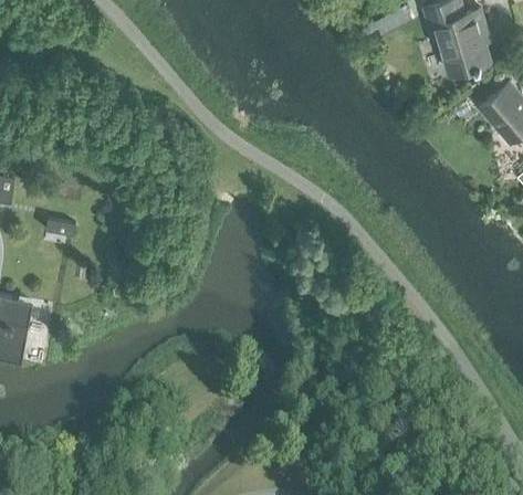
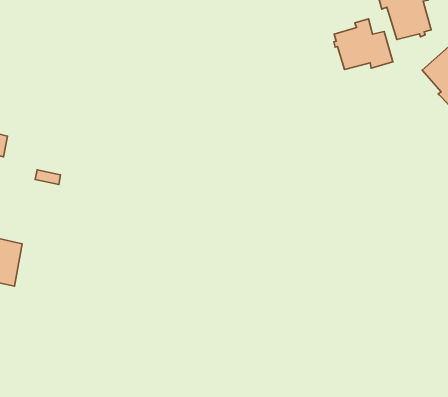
building: none -> [334,19,393,70]

